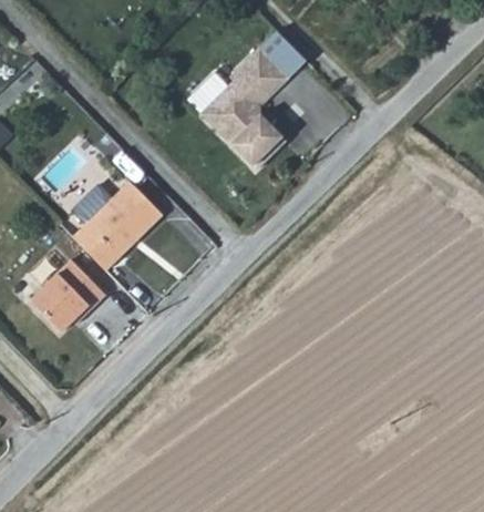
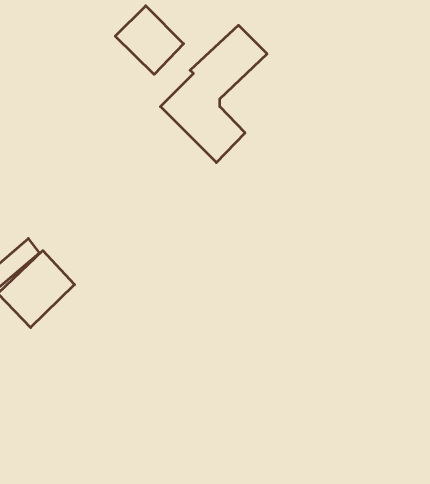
building: none -> [115,6,184,74]
building: [73,181,162,269] -> none

